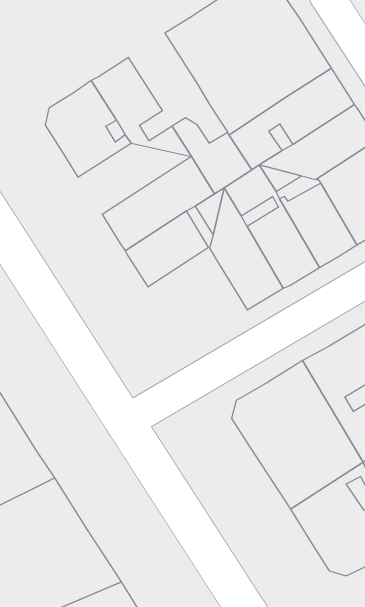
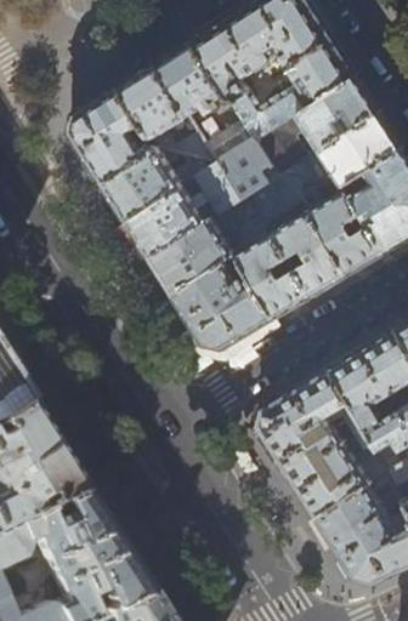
building: none -> [159,40,240,121]
building: none -> [108,150,222,222]
building: none -> [178,255,278,348]

